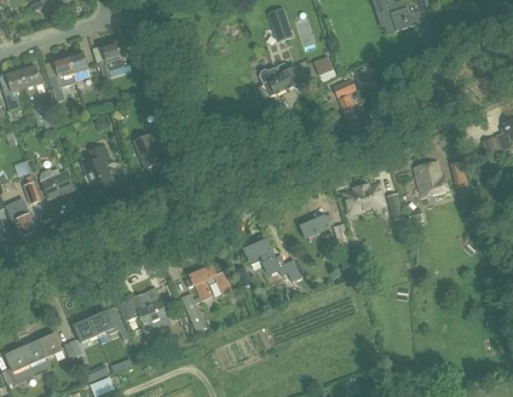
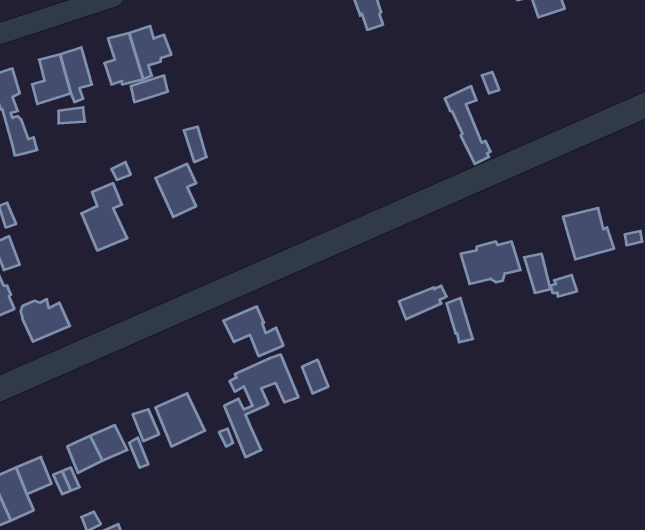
building: [259,59,301,94] -> none
building: [39,166,73,195] -> [21,299,70,342]
building: [243,238,284,272] -> [223,307,283,356]

